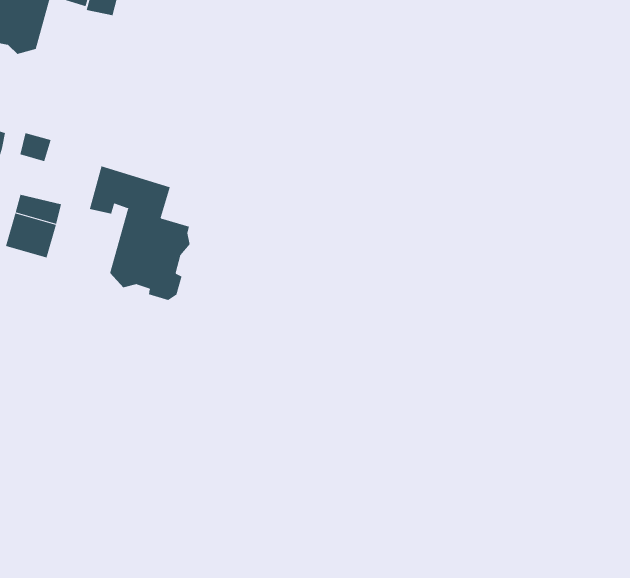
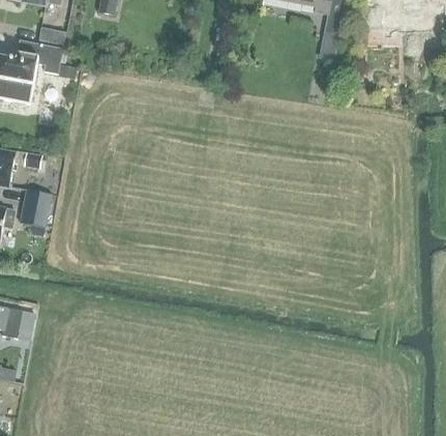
building: [89,166,190,301] -> none

